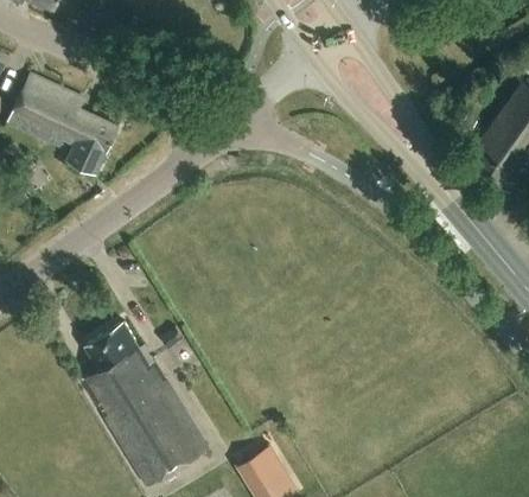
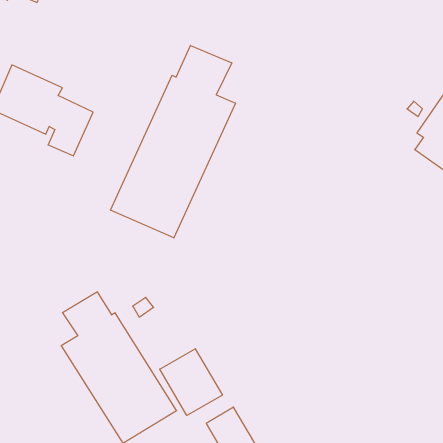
building: none -> [111,45,236,238]
building: none -> [160,349,222,415]

